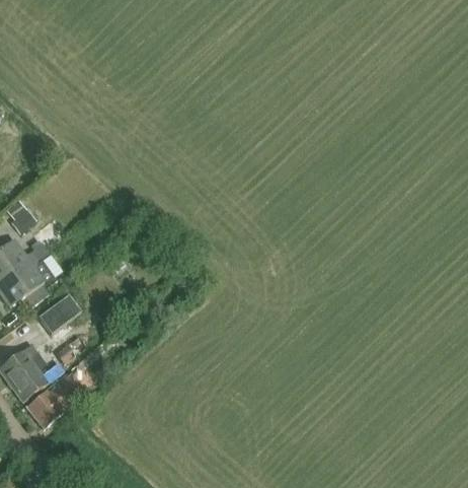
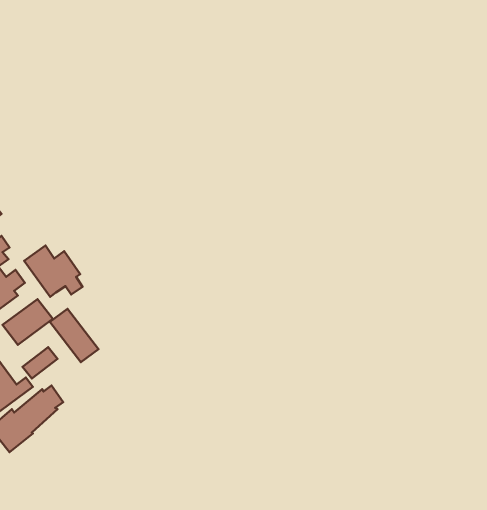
building: none -> [24,246,83,297]
building: none -> [50,309,99,362]

